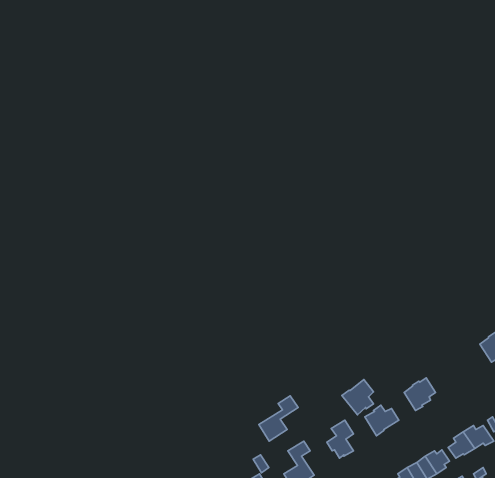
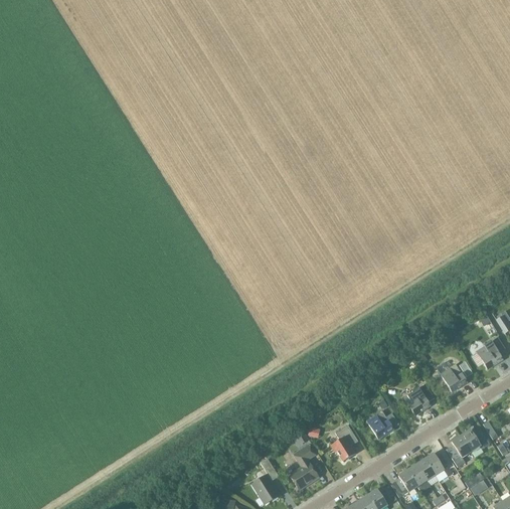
building: none -> [441,363,467,391]
building: [342,380,374,415] -> none
building: [259,396,298,441] -> none

